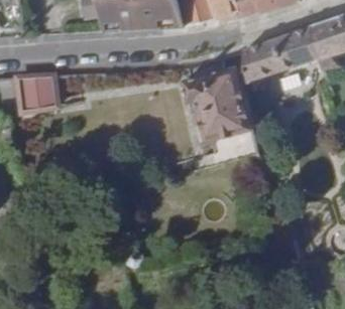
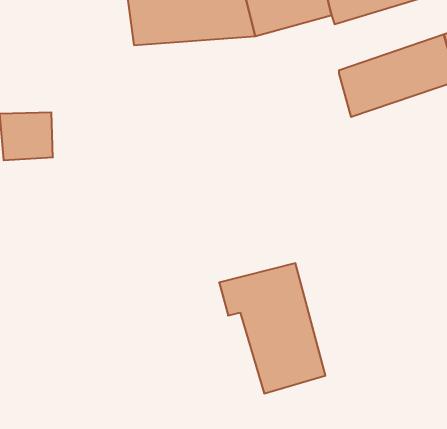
building: [188,67,259,155] -> [219,263,325,393]

